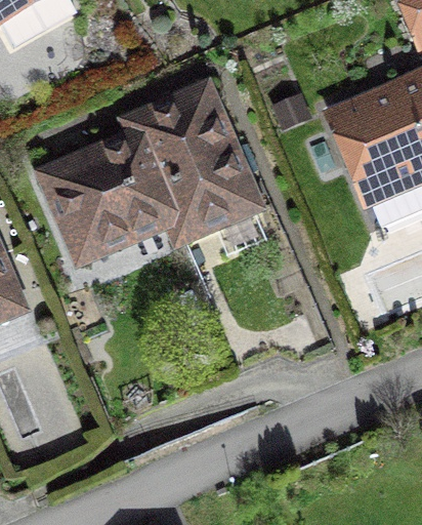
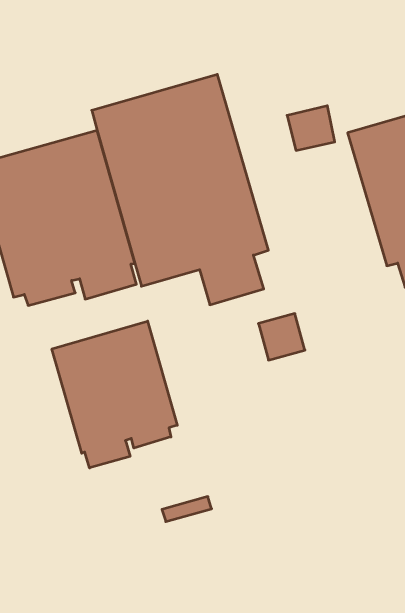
building: none -> [52,321,177,468]

